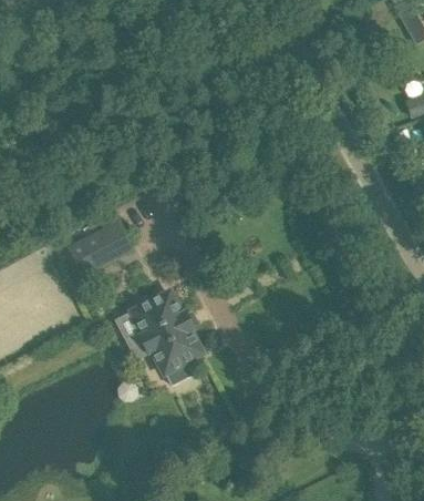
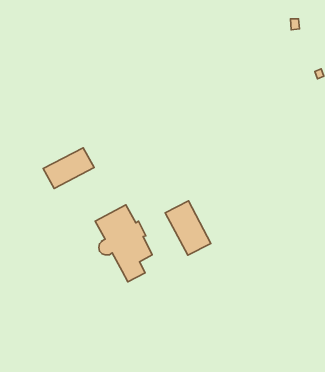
building: none -> [165,201,211,255]

